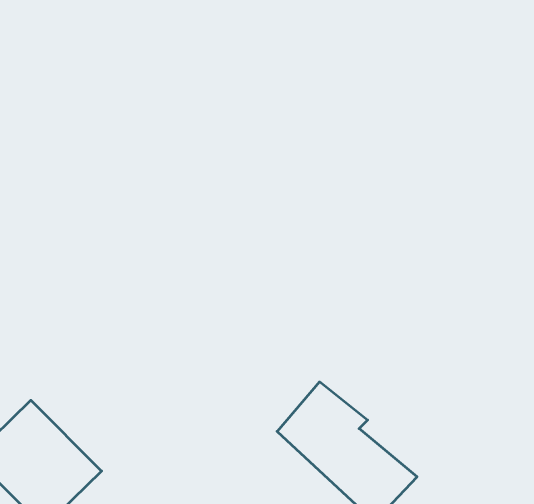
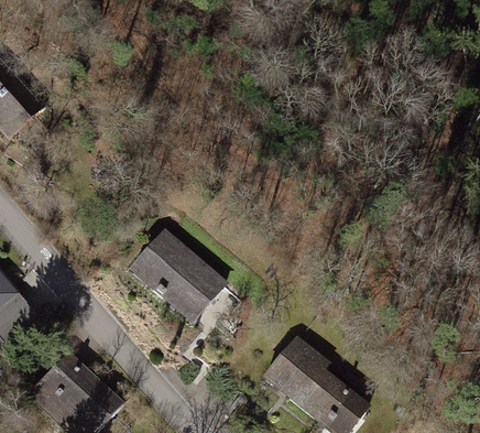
building: none -> [133,235,225,325]

